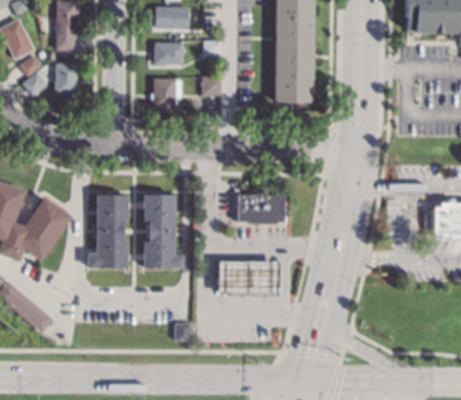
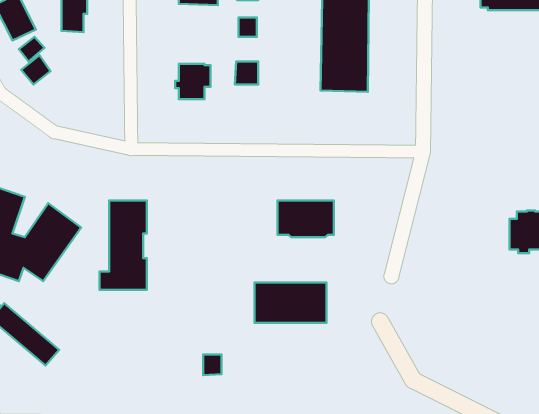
building: [154,42,183,65] -> none
building: [55,64,78,92] -> none
building: [143,194,183,269] -> none

